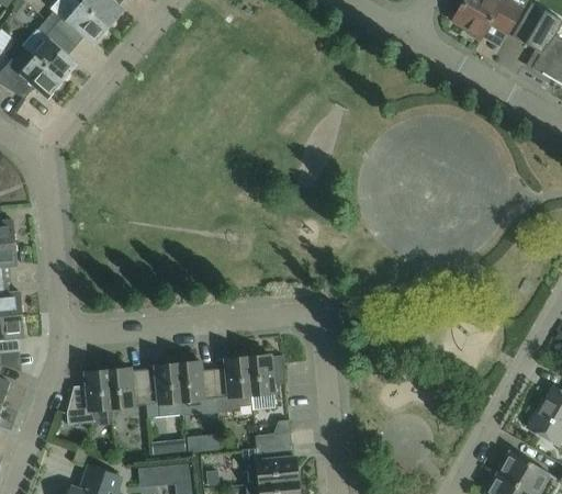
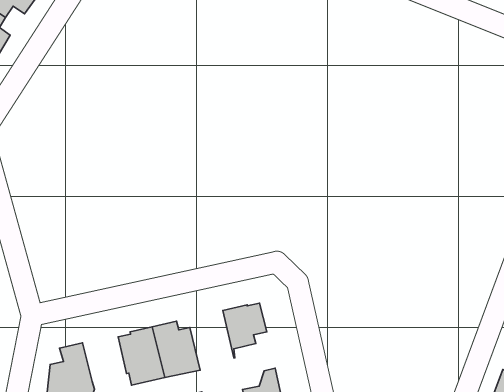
building: [212,357,250,412] -> none
building: [106,368,145,408] -> none

